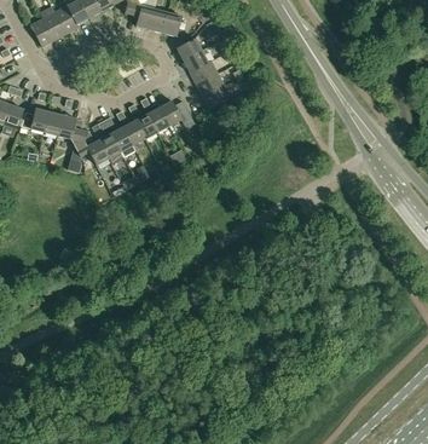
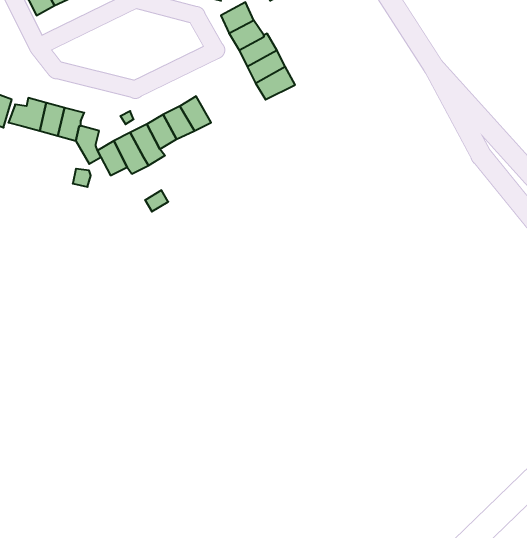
building: [158,99,195,127] -> none

